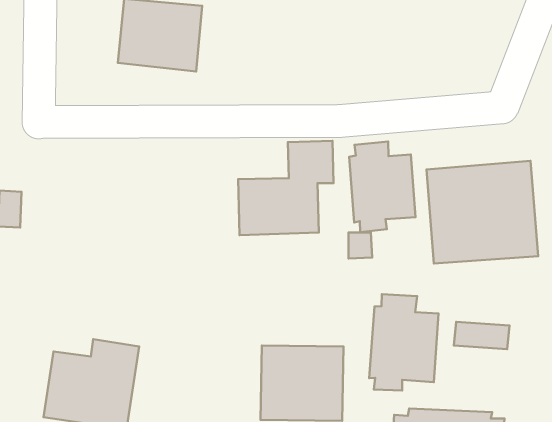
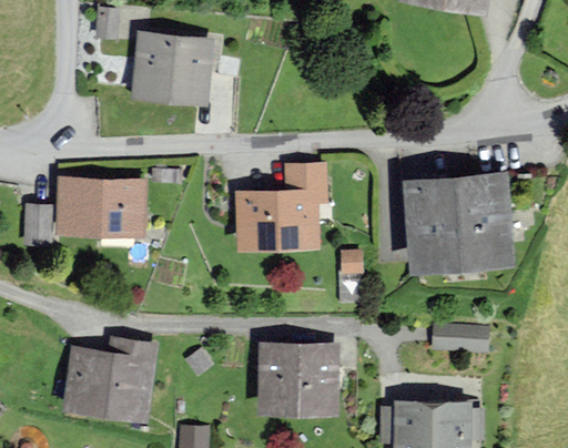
building: [349,142,416,232] -> none
building: none -> [60,179,142,234]
building: [369,294,439,390] -> none

